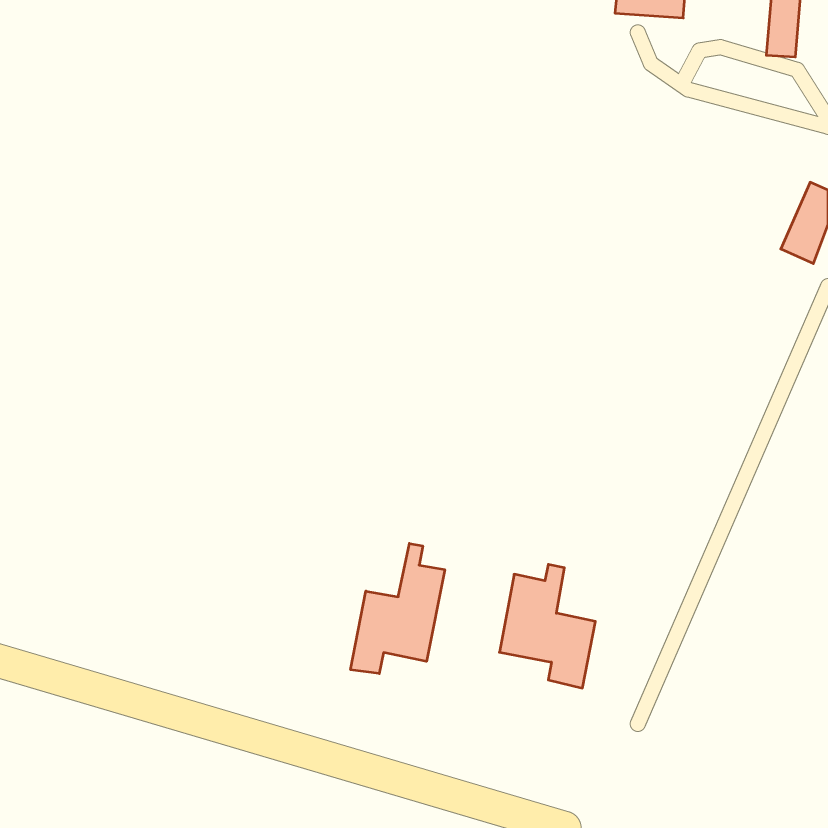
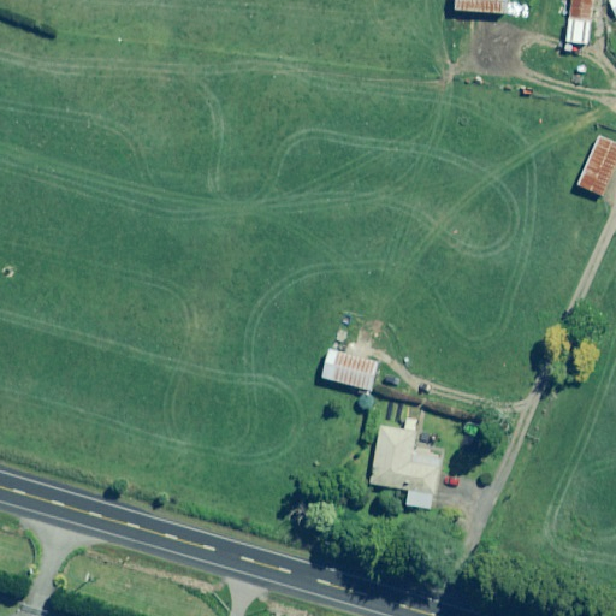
building: none -> [322,349,378,390]
building: [351,543,445,674] -> none

